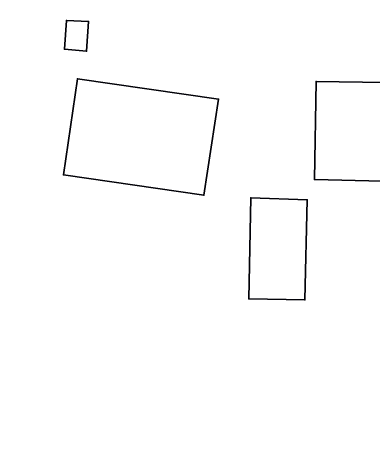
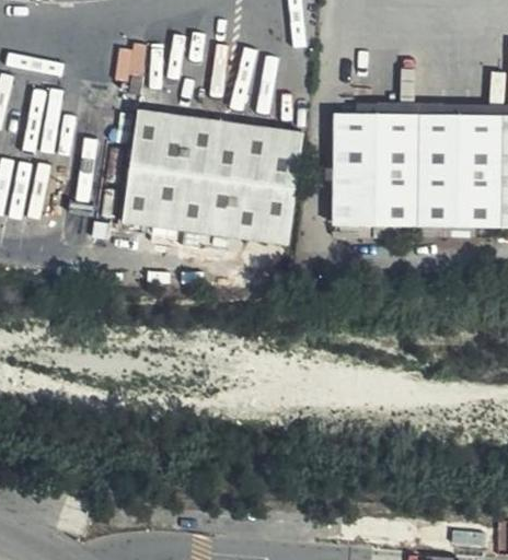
building: none -> [332,110,420,228]
building: [249,198,307,300] -> none

